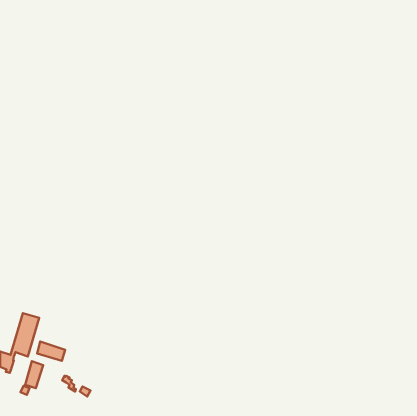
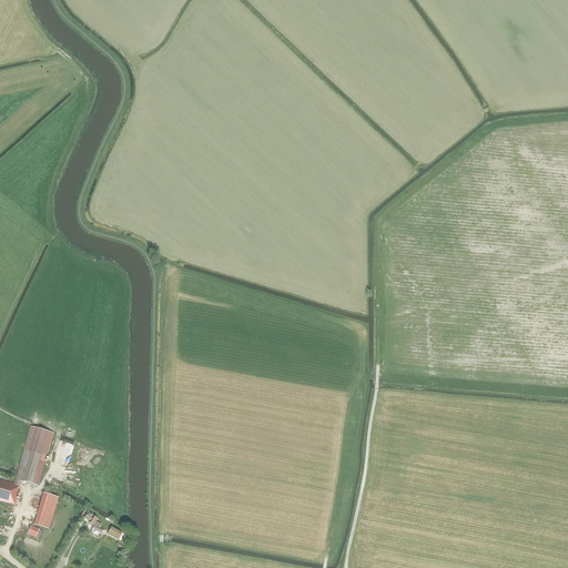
building: [37,341,65,361] -> none

